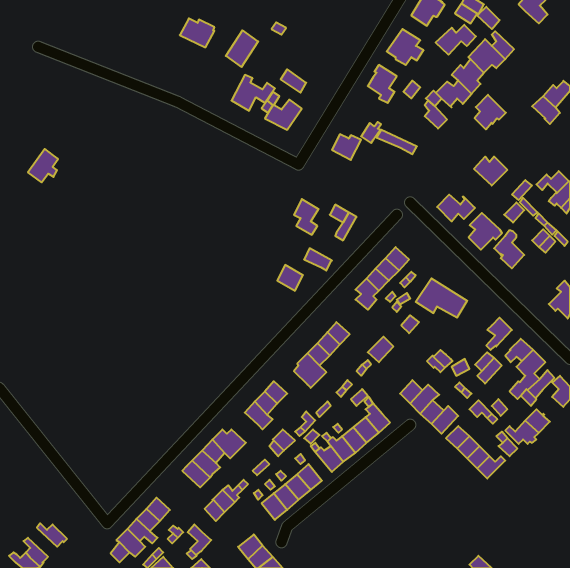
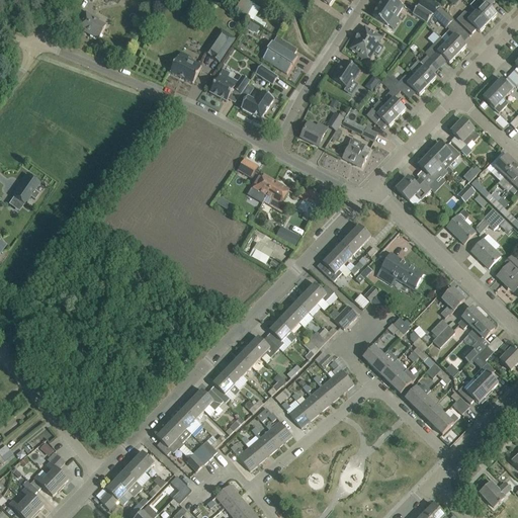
building: none -> [78,10,105,37]
building: none -> [455,10,488,32]
building: [180,18,214,47] -> [169,56,200,82]
building: [436,25,476,55] -> none
building: none -> [262,34,297,72]
building: [475,95,506,129] -> [450,118,479,150]
building: none -> [366,99,397,125]
building: [28,149,58,182] -> [11,172,38,202]
building: none -> [342,138,368,166]
building: none -> [238,157,273,201]
building: [469,213,502,250] -> [417,153,447,186]
building: none -> [471,239,500,267]
building: none -> [305,282,333,309]
building: none -> [248,335,278,361]
building: none -> [209,373,240,403]
building: none -> [156,426,183,454]
building: none -> [46,451,68,488]
building: none -> [479,481,510,506]

